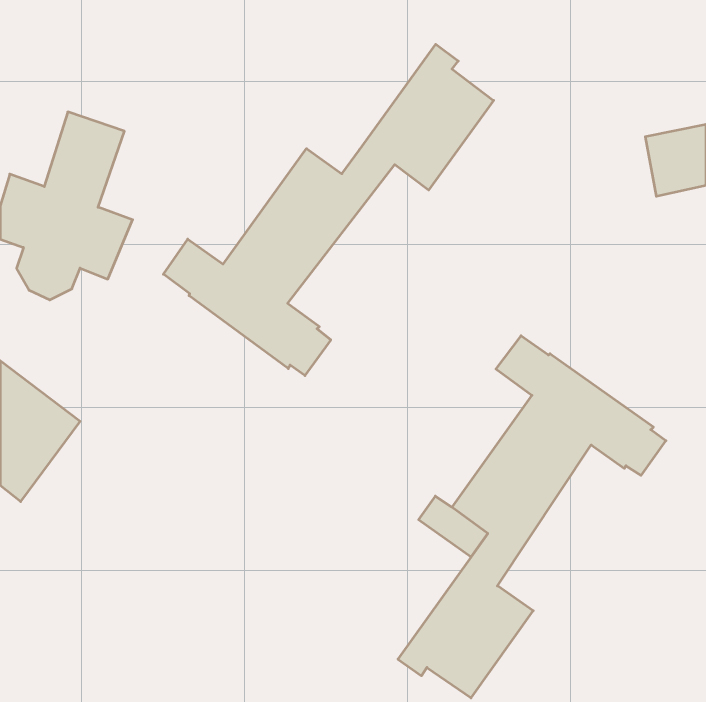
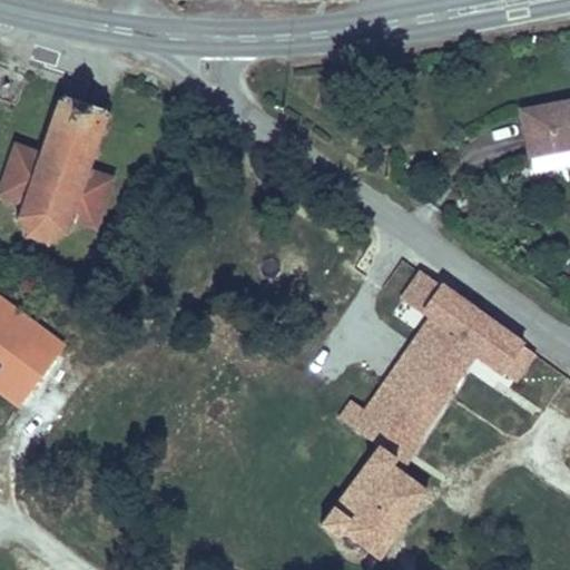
building: [163,44,494,376] -> none

